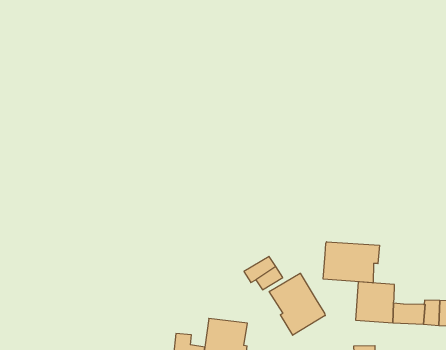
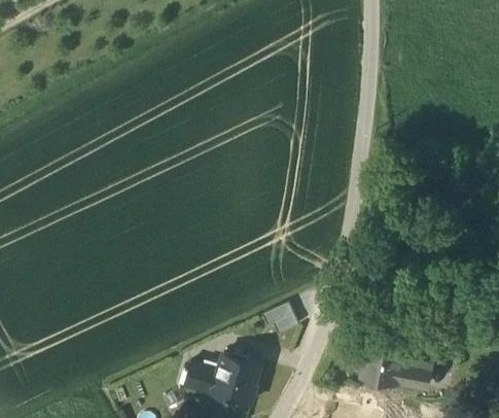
building: [323,242,379,283] -> none
building: [269,273,325,335] -> none

